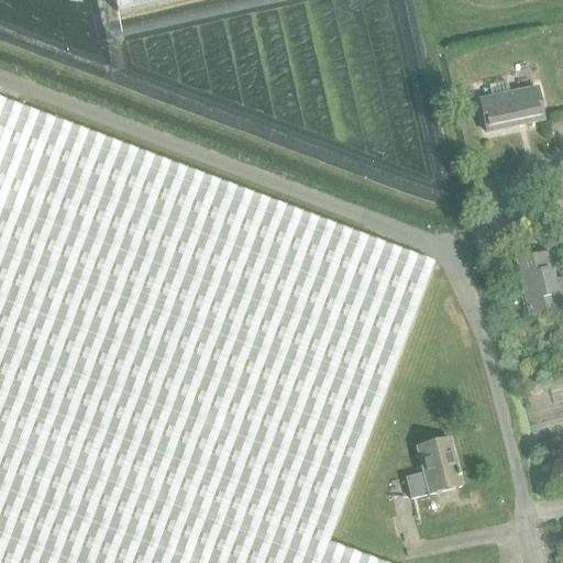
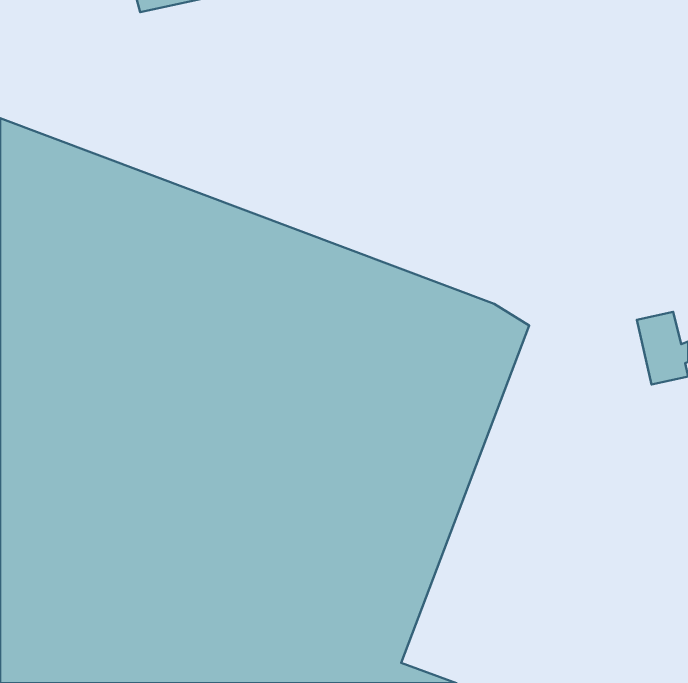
building: [481,81,543,132] -> none
building: [404,439,462,498] -> none

